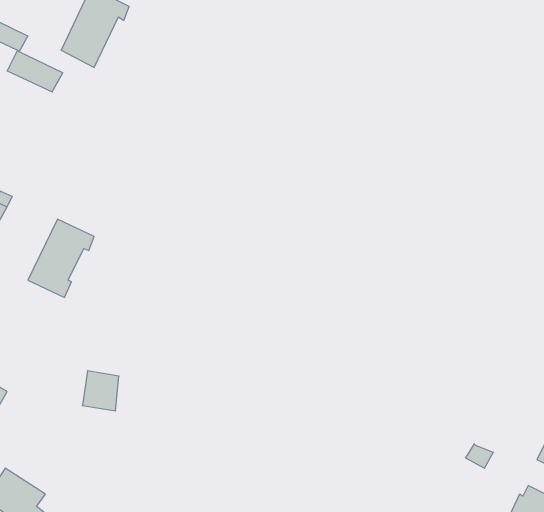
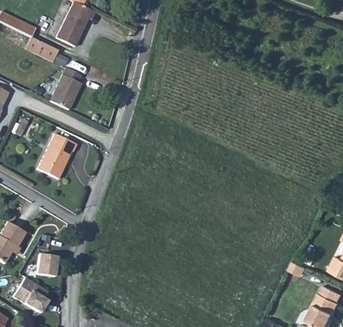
building: none -> [46,68,79,110]
building: [82,371,119,411] -> [34,254,55,277]

